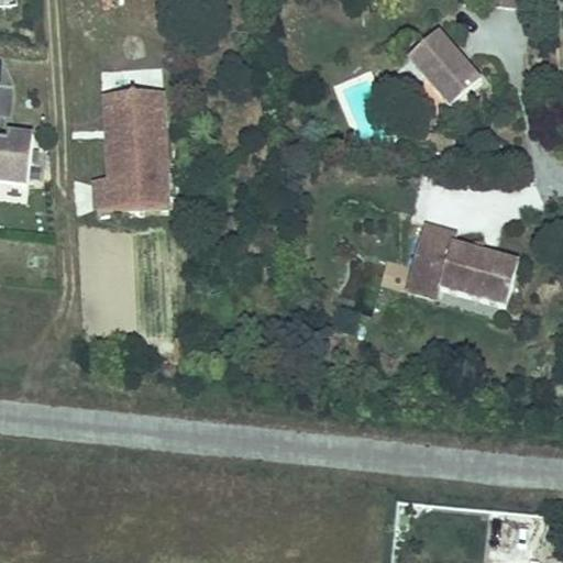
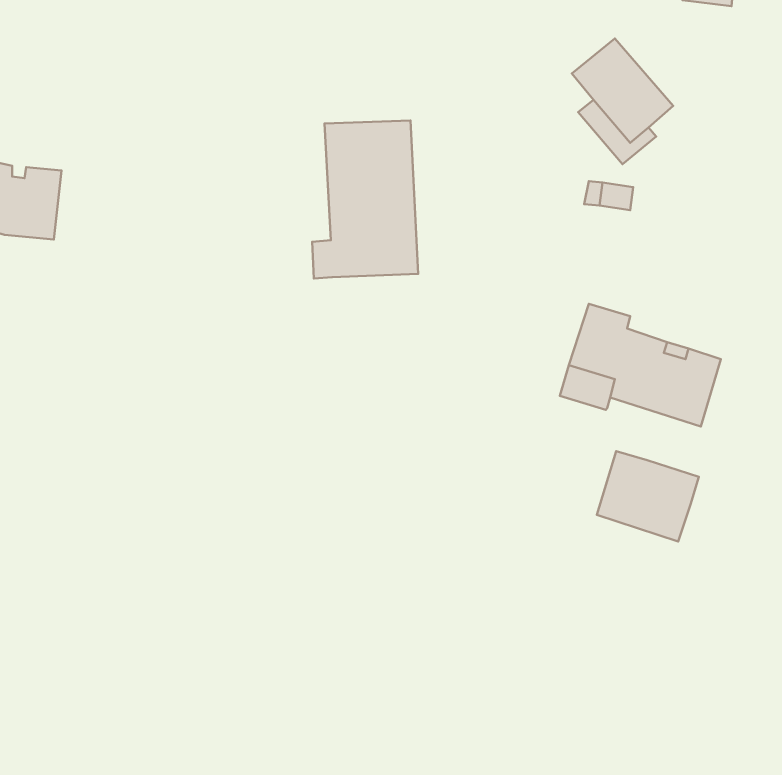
building: [92,92,168,206] -> [312,121,418,279]
building: none -> [597,451,699,542]

